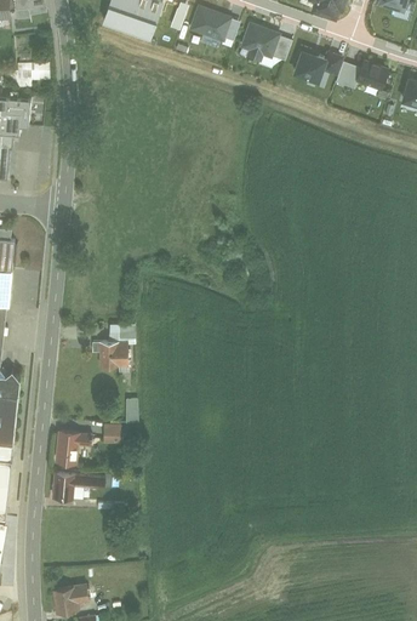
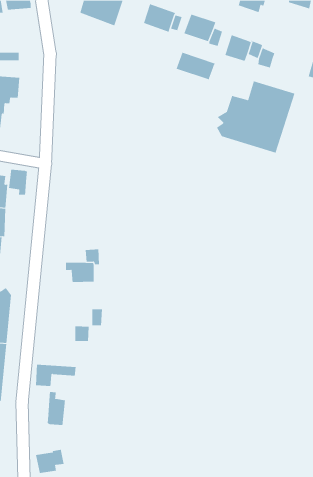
building: [358,57,393,87] -> none
building: none -> [176,52,216,80]
building: none -> [216,80,295,154]
building: none -> [8,169,27,196]
building: [50,429,88,463] -> none
building: none -> [47,391,65,426]

